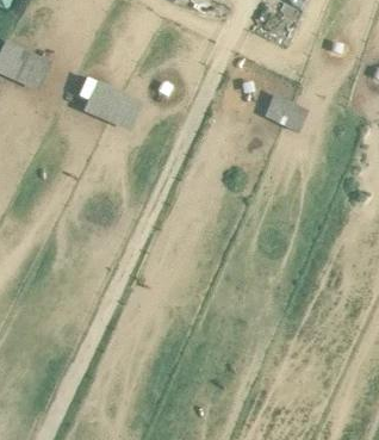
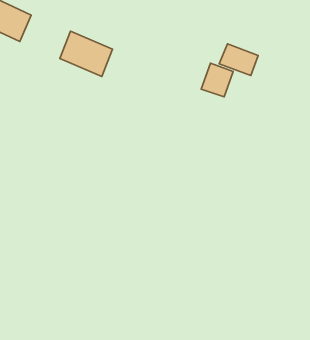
building: none -> [201,63,233,97]

